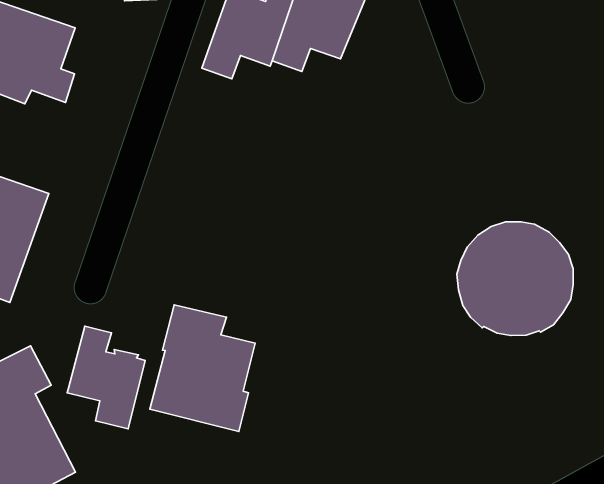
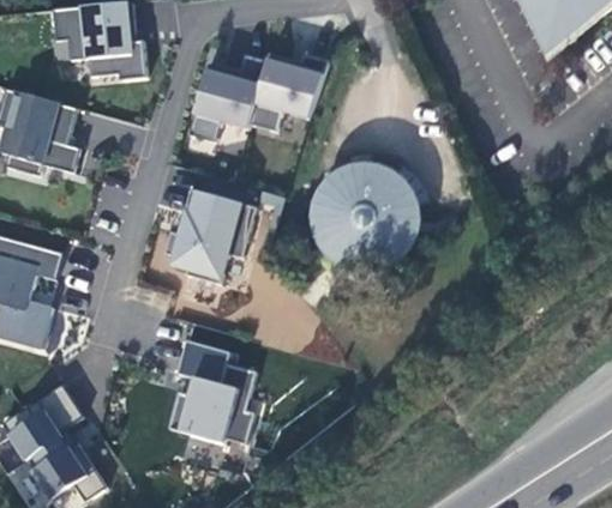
building: none -> [166,189,258,283]
building: [457,222,573,336] -> [316,167,416,265]
building: [67,326,145,429] -> none

